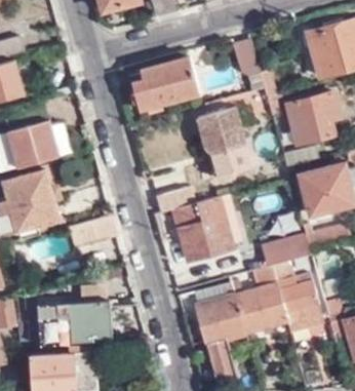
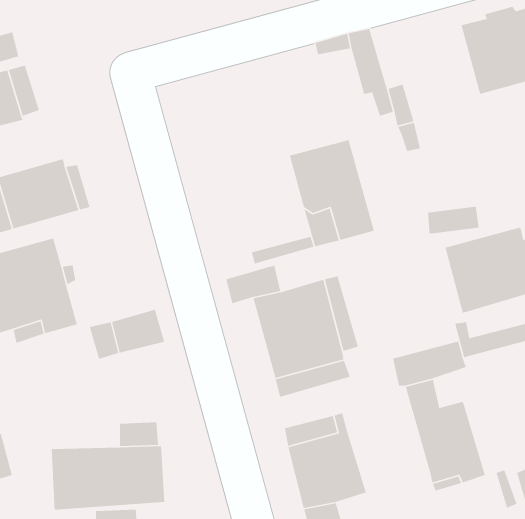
building: [131,57,198,110] -> none
building: [284,91,339,145] -> none
building: [233,266,286,335] -> none

